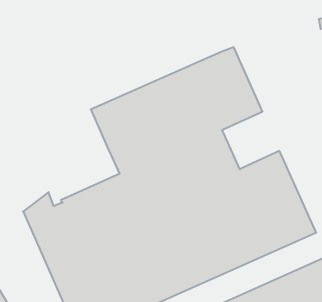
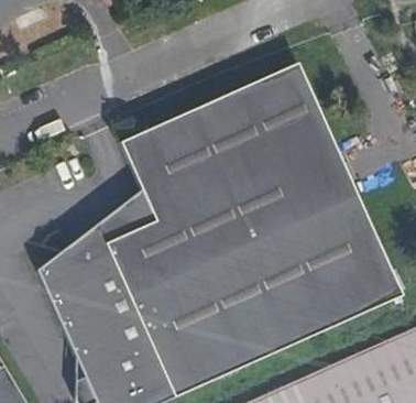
building: none -> [286,143,358,216]
building: none -> [68,188,157,262]

